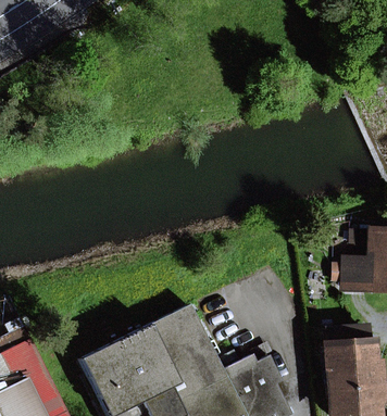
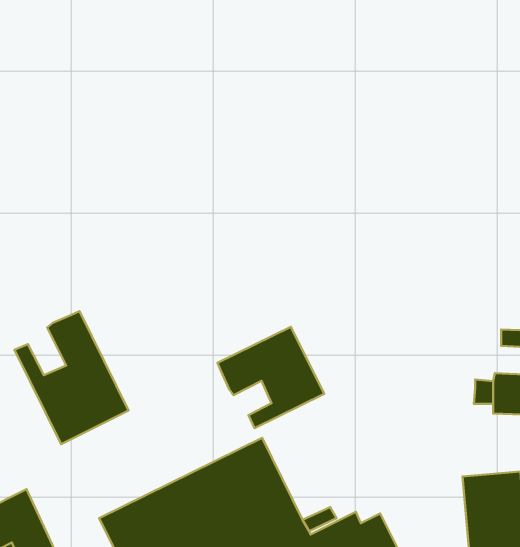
building: none -> [14,311,129,444]
building: none -> [217,327,324,428]

